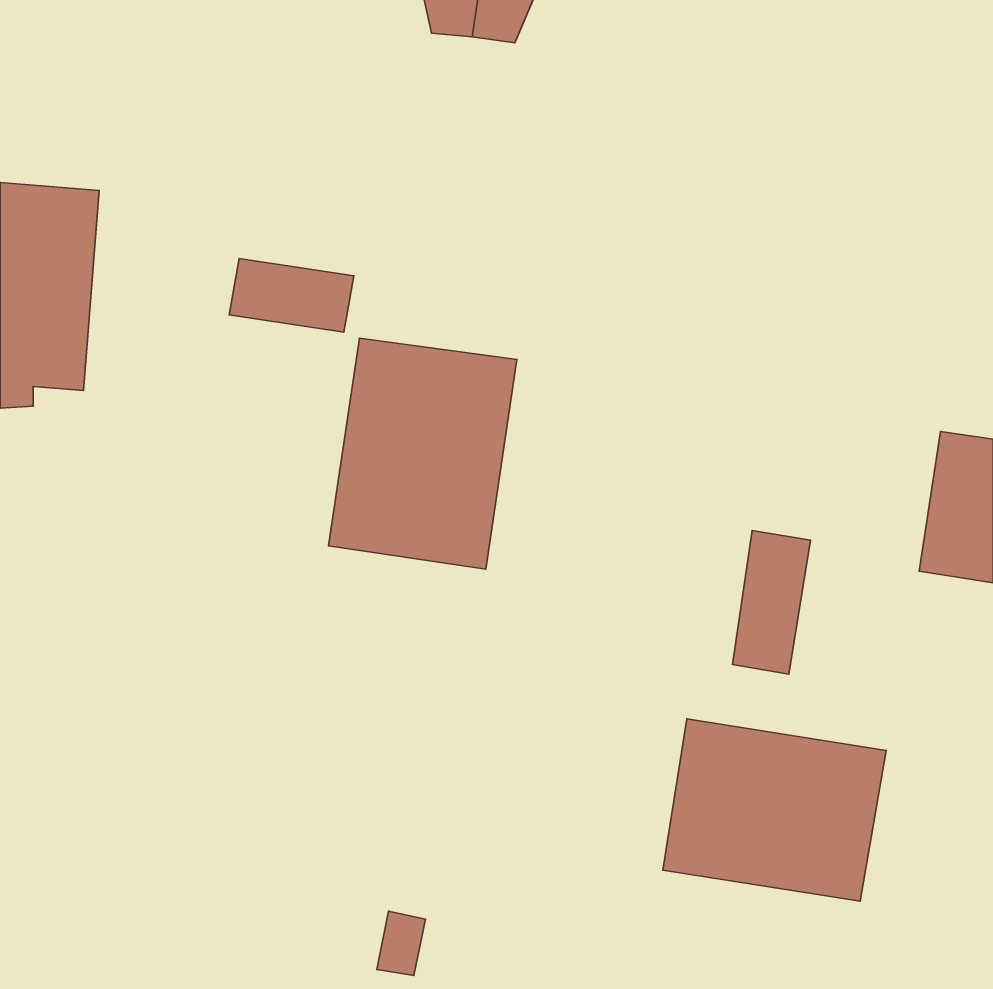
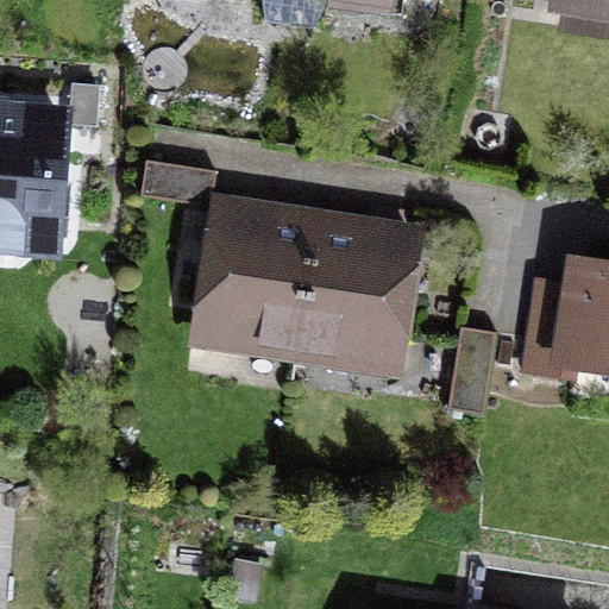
building: none -> [297,220,412,362]
building: [663,719,886,901] -> none

